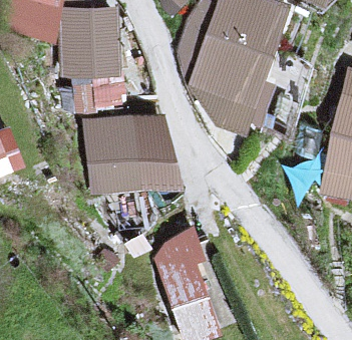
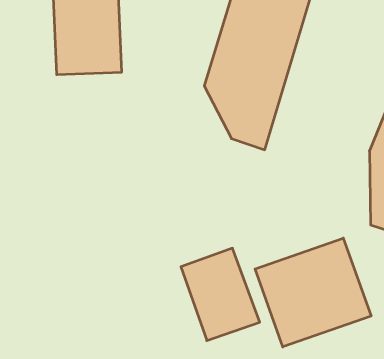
building: [80,109,163,195] -> none
building: none -> [255,238,371,347]

